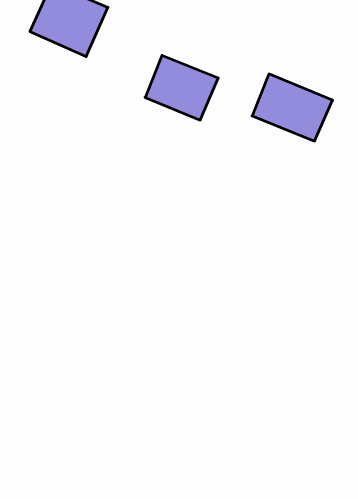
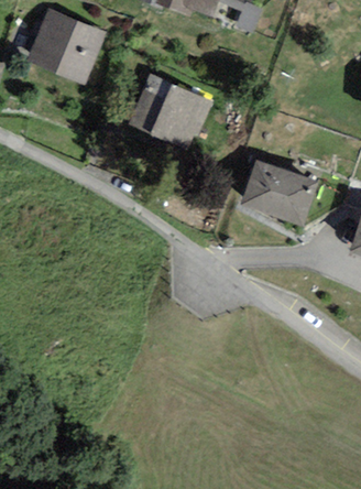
building: [252,74,333,141] -> [242,159,316,220]

